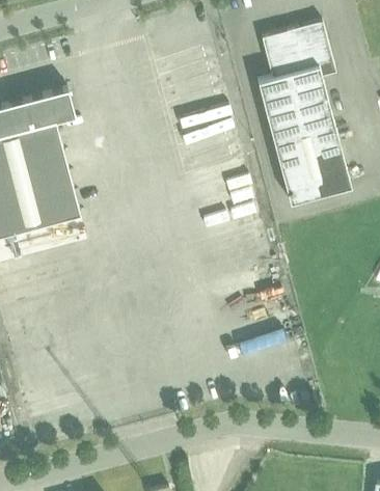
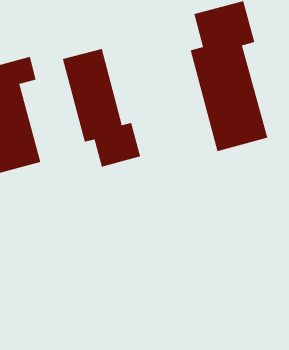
building: none -> [62,48,141,168]

